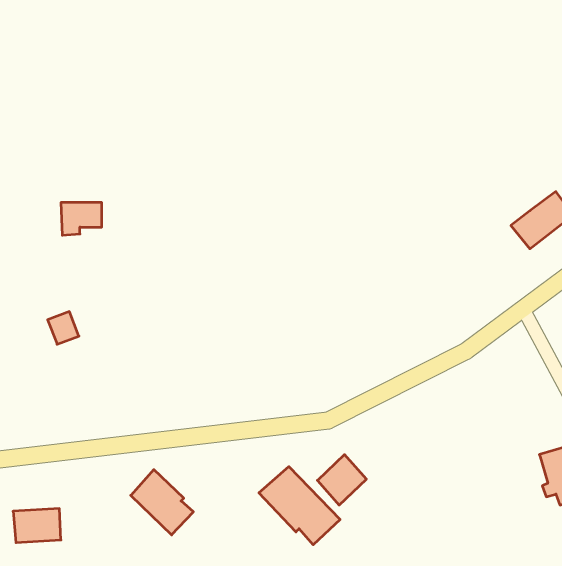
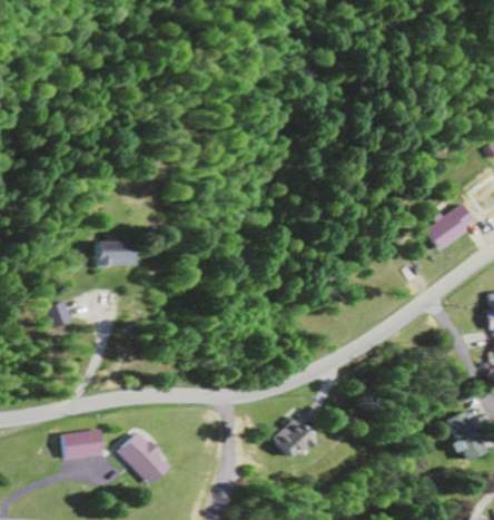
building: [61,203,102,235] -> [90,241,123,267]
building: [259,467,340,545] -> none
building: [13,509,61,543] -> [63,430,102,458]

